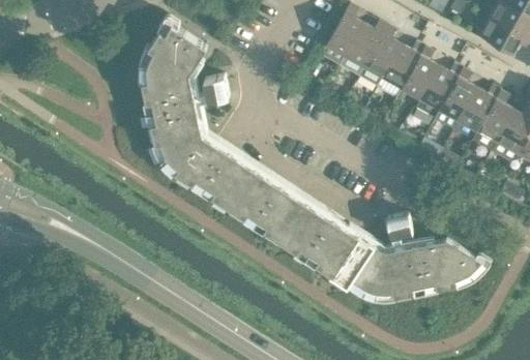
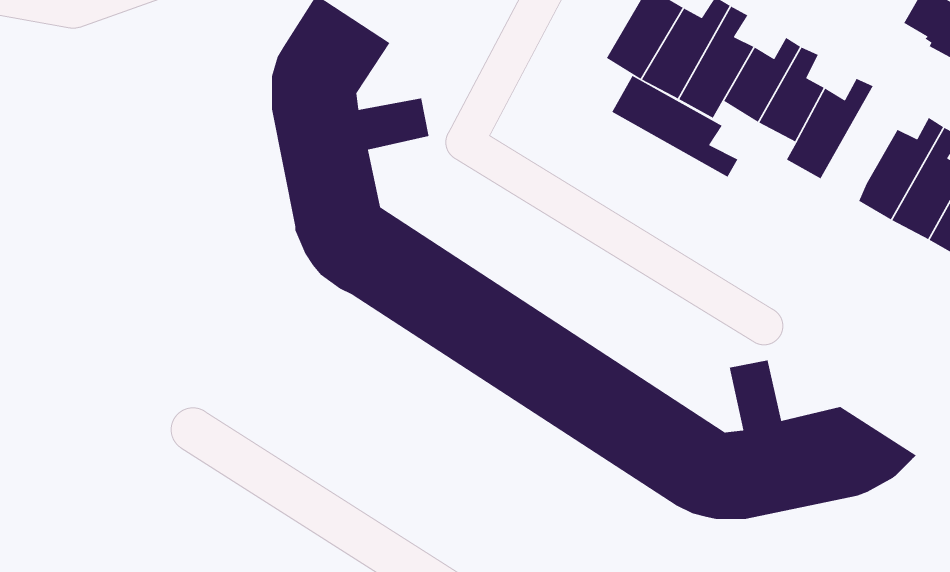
building: none -> [611,75,739,178]
building: [441,67,476,119] -> none

